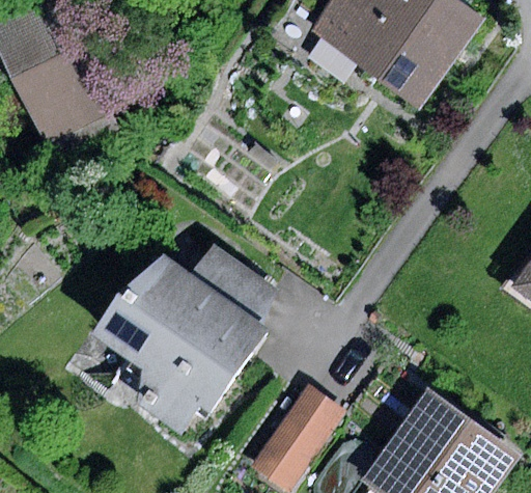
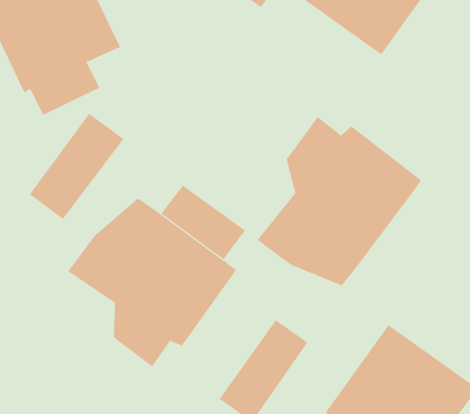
building: none -> [29,113,124,220]
building: none -> [257,116,422,286]

